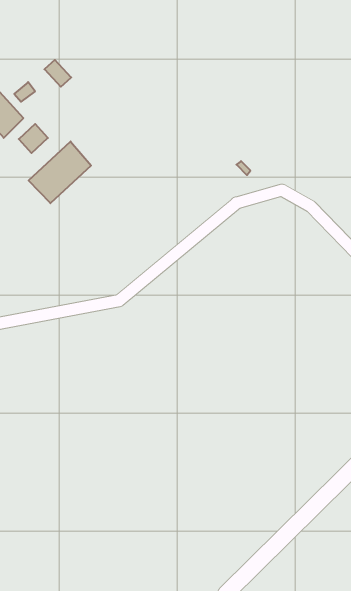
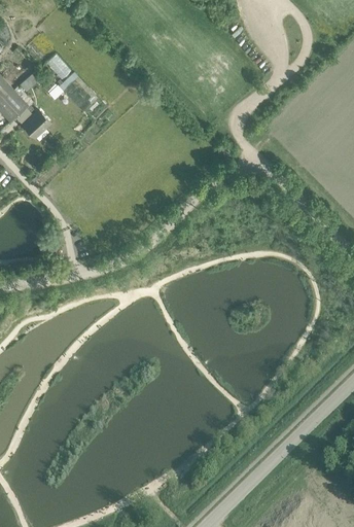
building: [29,141,91,203] -> none

